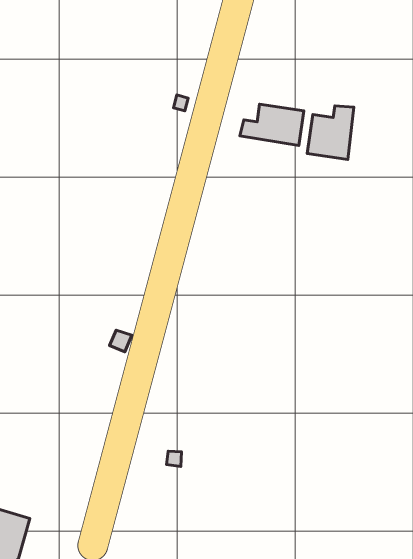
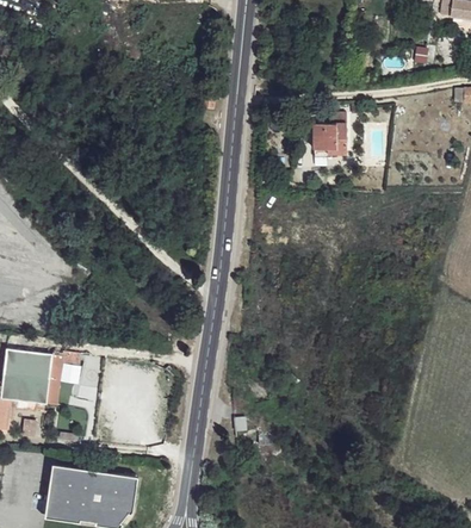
building: [240,104,304,146] -> none

